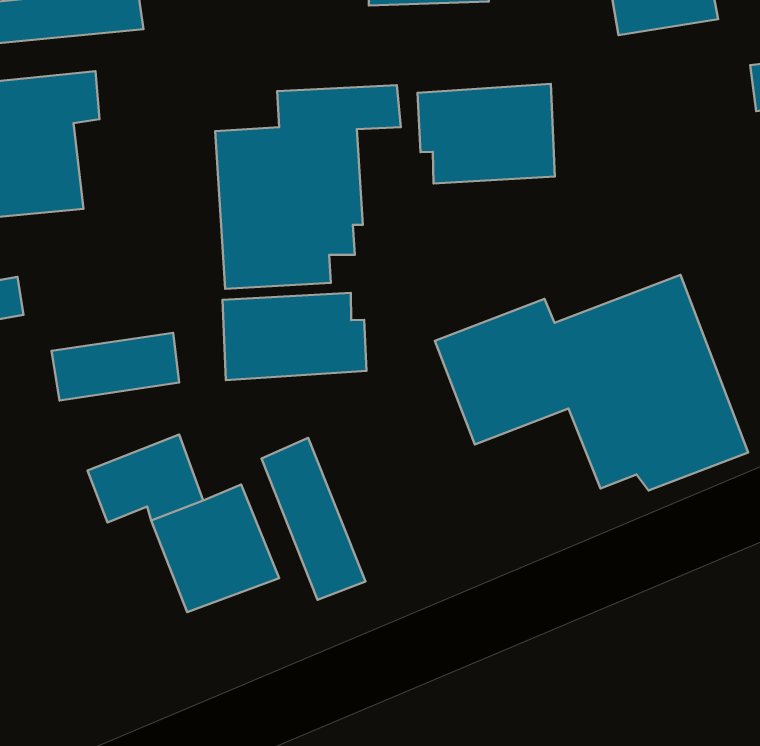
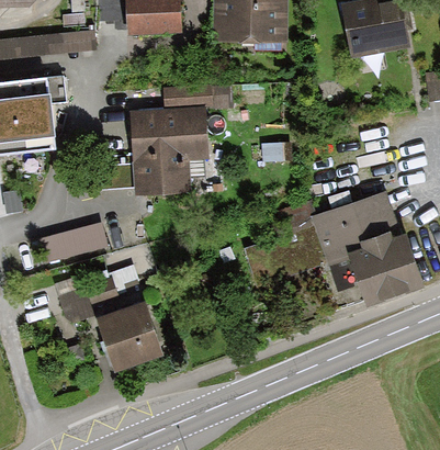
building: [418,84,555,183] -> none
building: [223,293,366,380] -> none
building: [261,438,366,600] -> none

